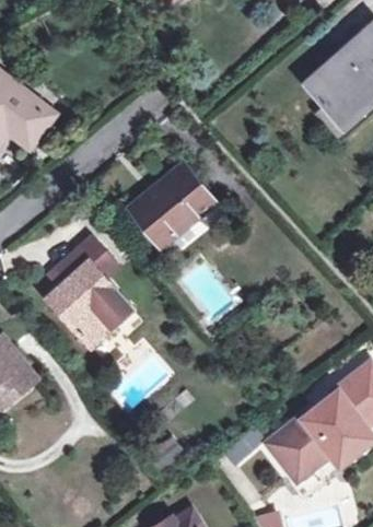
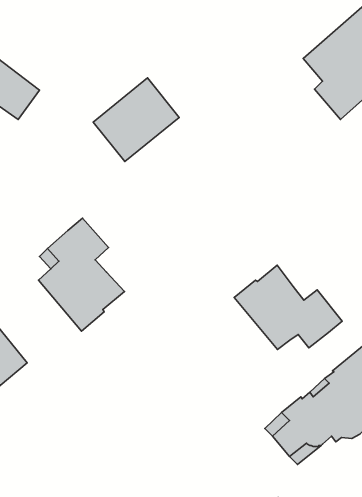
building: [130,164,213,245] -> [93,78,179,162]
building: none -> [234,265,342,350]

